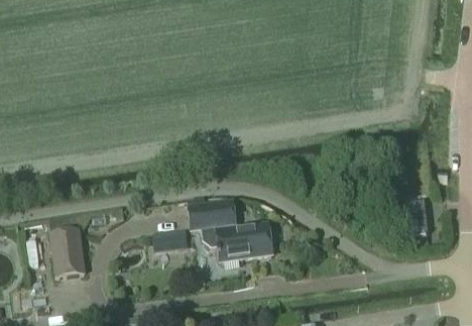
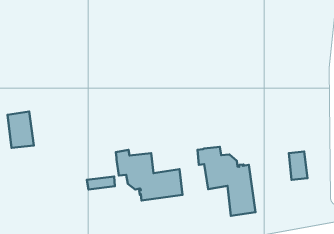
building: none -> [197,147,255,216]
building: [50,230,84,276] -> [7,112,34,148]

